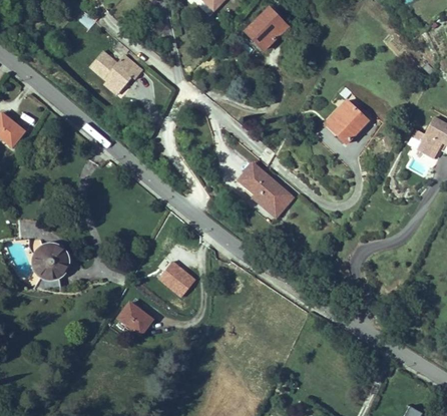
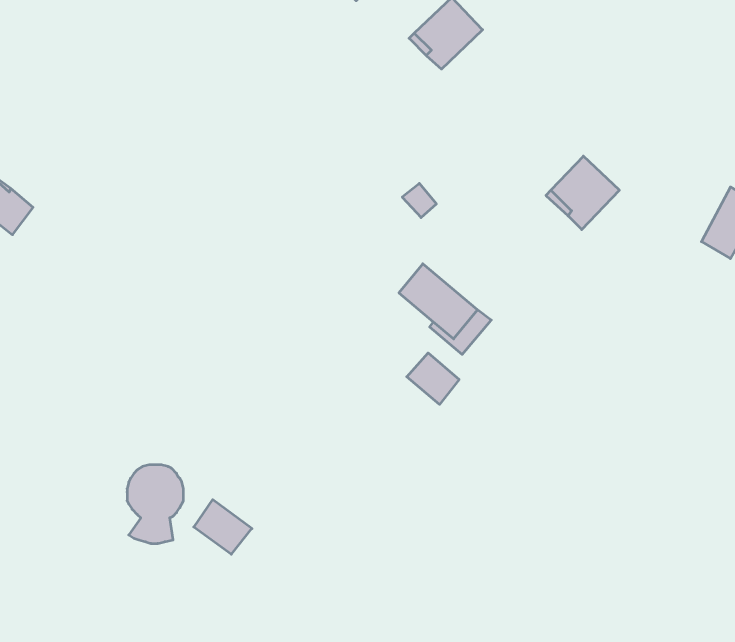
building: [89,51,142,89] -> none
building: none -> [407,353,459,404]
building: [34,245,67,291] -> [127,465,183,543]
building: [158,261,195,297] -> none

